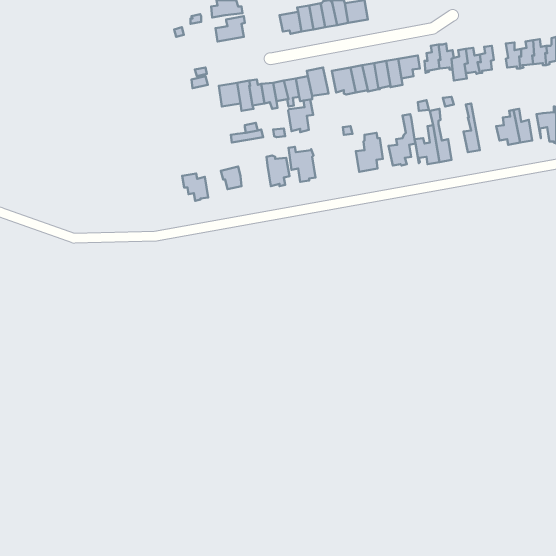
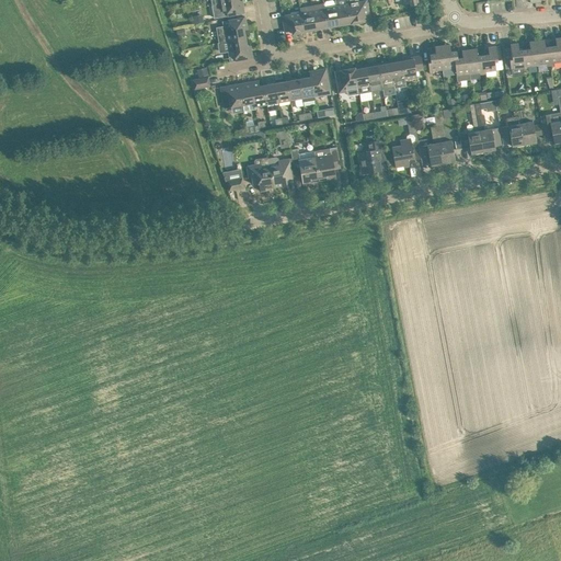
building: none -> [218,37,252,60]
building: [288,100,313,132] -> [314,147,340,180]
building: none -> [474,103,501,153]
building: [182,174,208,201] -> [247,163,273,191]

